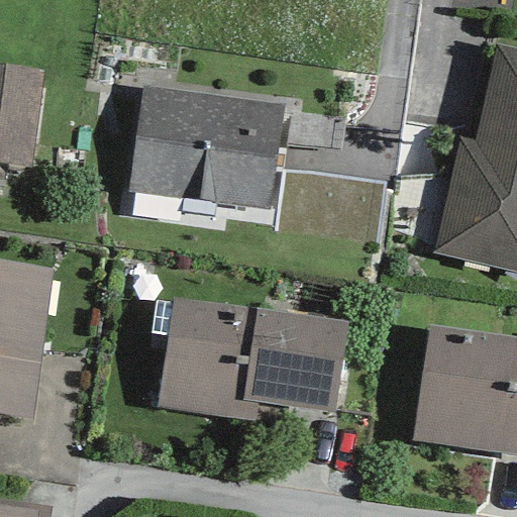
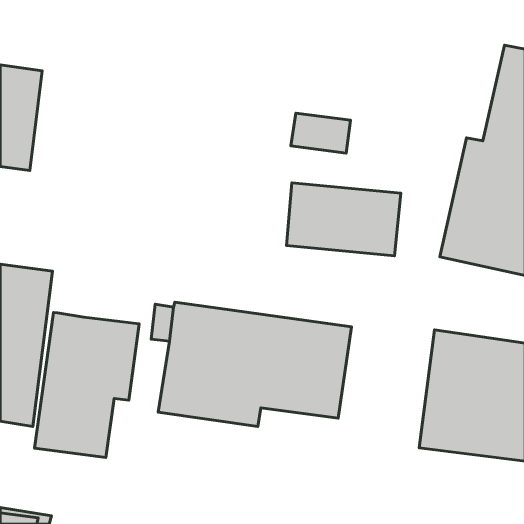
building: [129,88,282,208] -> none
building: none -> [35,313,139,458]

